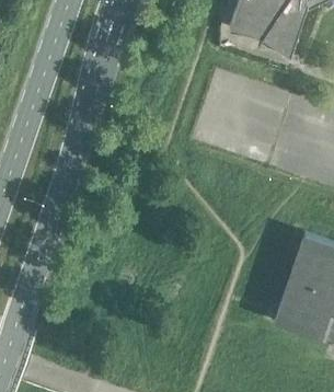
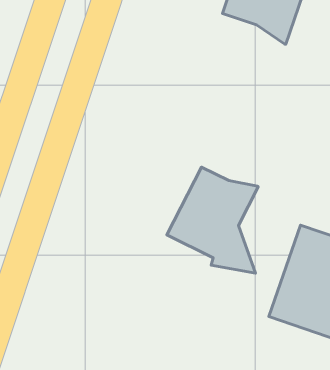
building: none -> [167,167,258,273]

